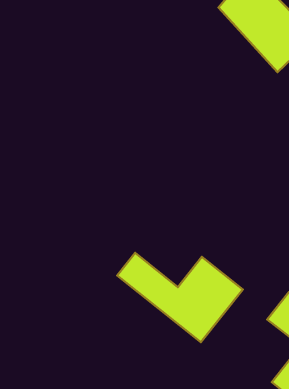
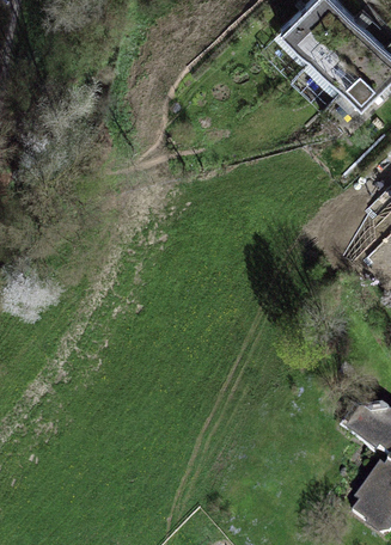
building: [117,253,243,342] -> none

